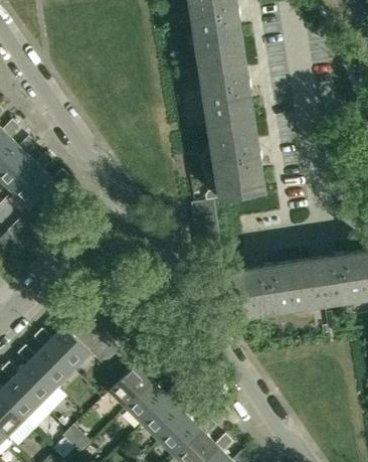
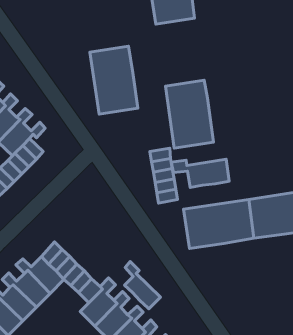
building: [197,48,253,128] -> [90,46,138,114]
building: none -> [171,159,229,188]
building: none -> [124,261,161,309]

